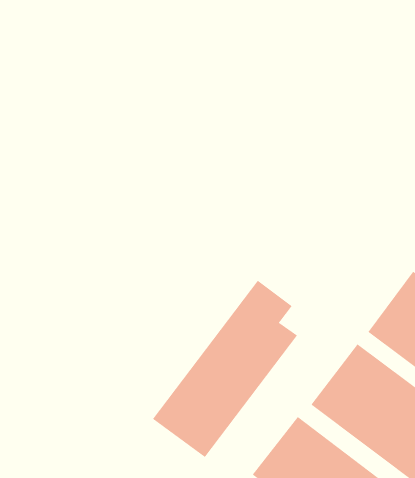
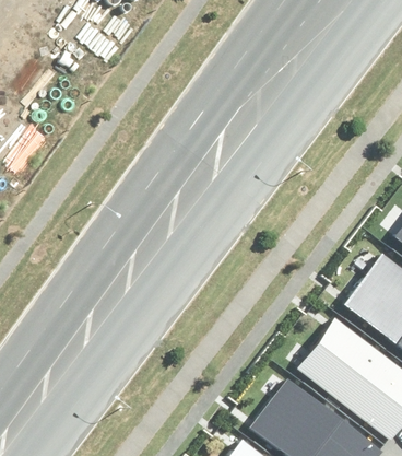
building: [152,280,298,458] -> none

